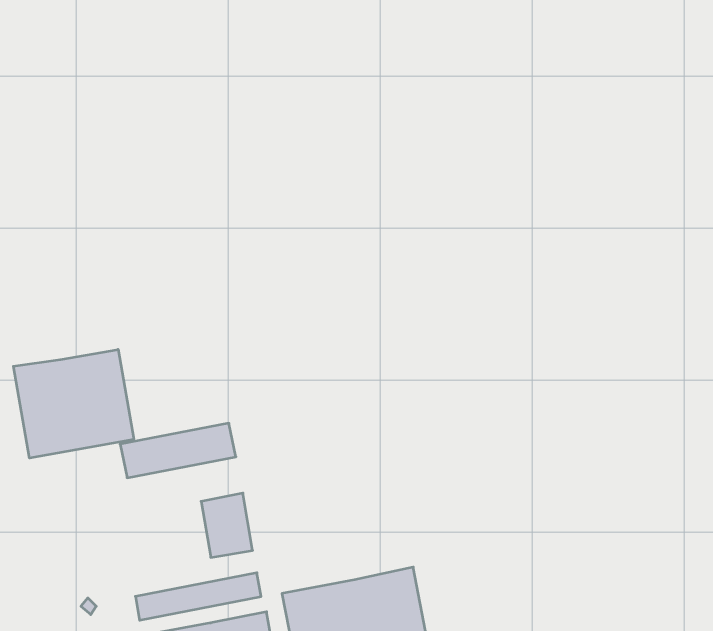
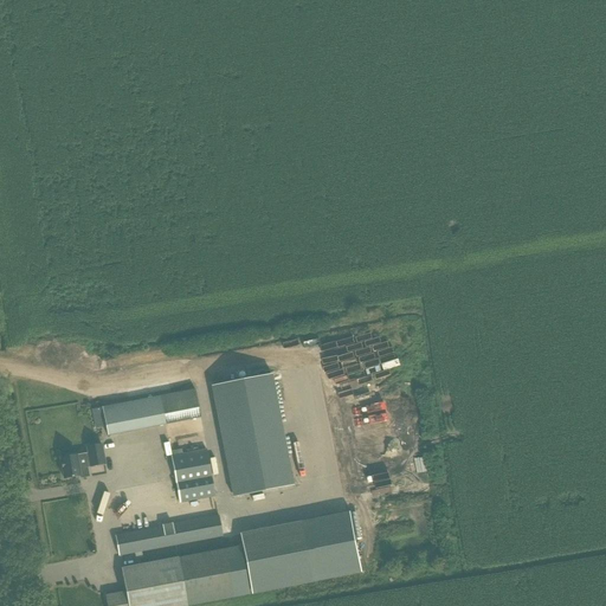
building: [13,349,134,458] -> none
building: none -> [211,373,295,496]
building: none -> [60,444,104,478]

